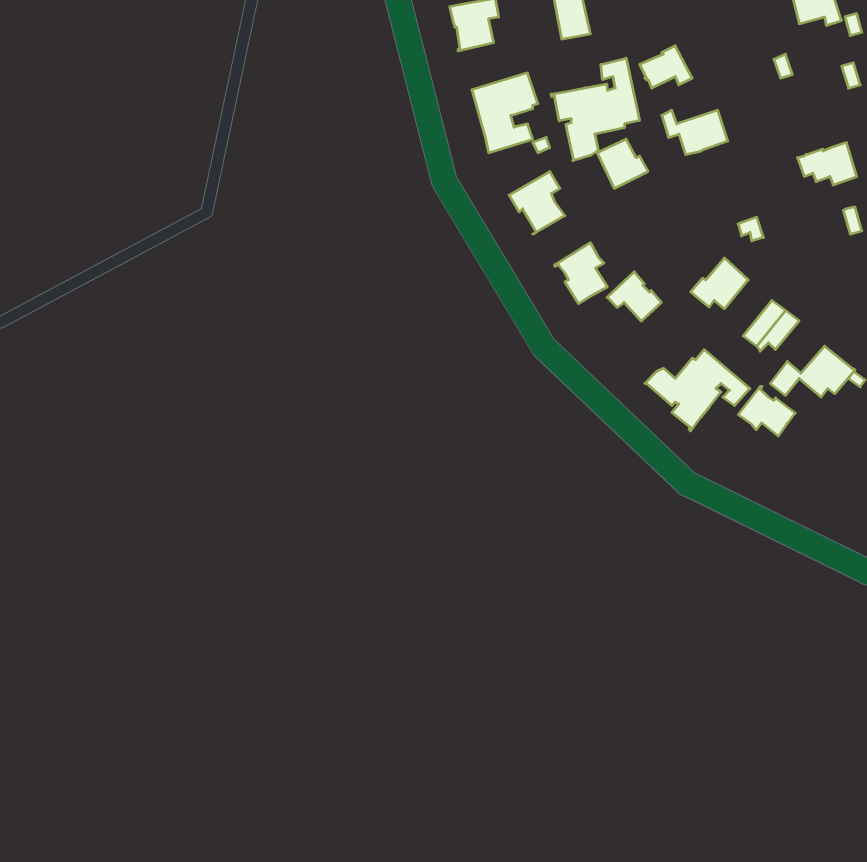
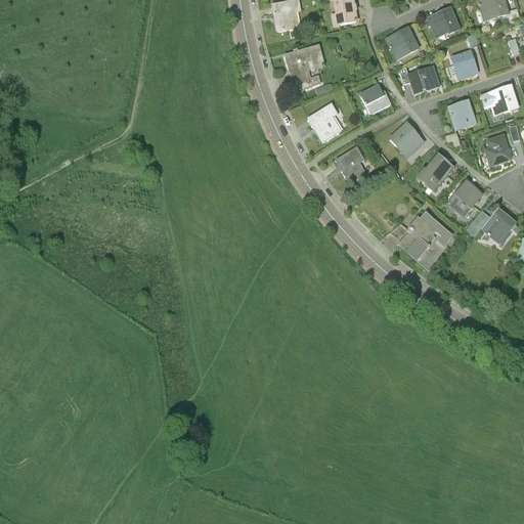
building: none -> [428,8,458,33]
building: [551,58,639,161] -> none
building: none -> [451,51,477,79]
building: none -> [447,100,475,128]
building: none -> [487,135,511,165]
building: [607,272,661,321] -> [390,123,423,152]
building: [738,386,795,436] -> none

